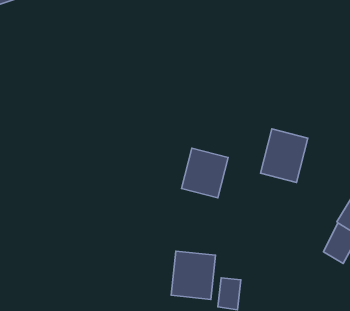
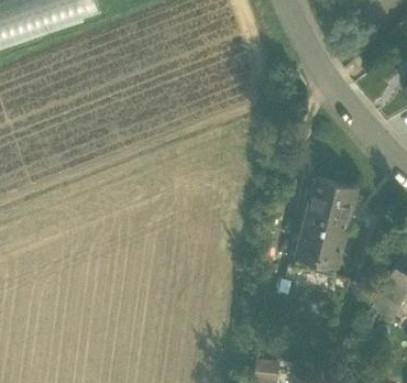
building: [182,148,228,198] -> [294,223,343,276]
building: [171,251,216,299] -> none

